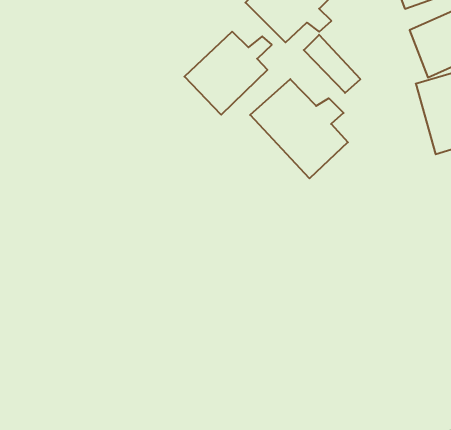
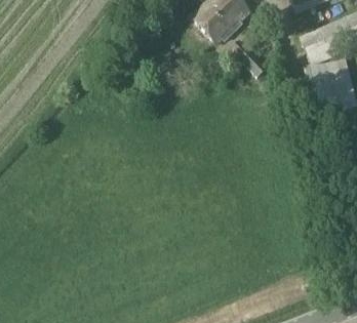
building: [184,32,272,115] -> none
building: [250,79,348,178] -> none

